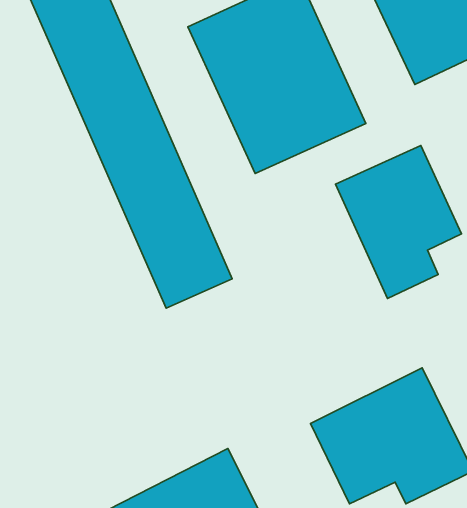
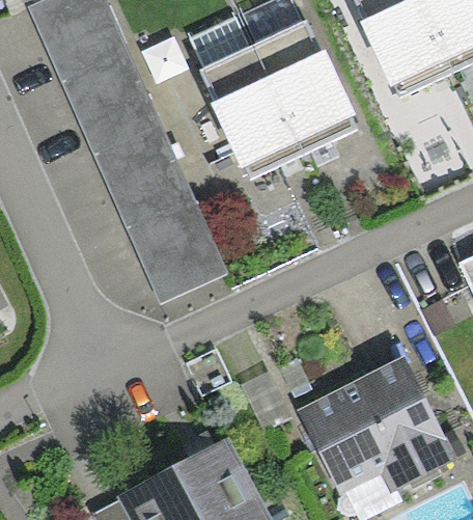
building: [335,145,462,298] -> none

